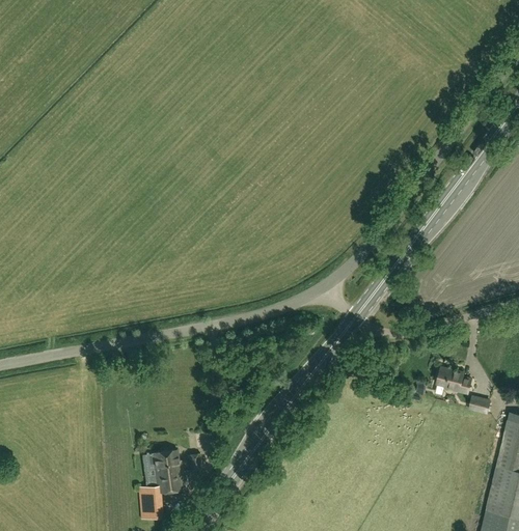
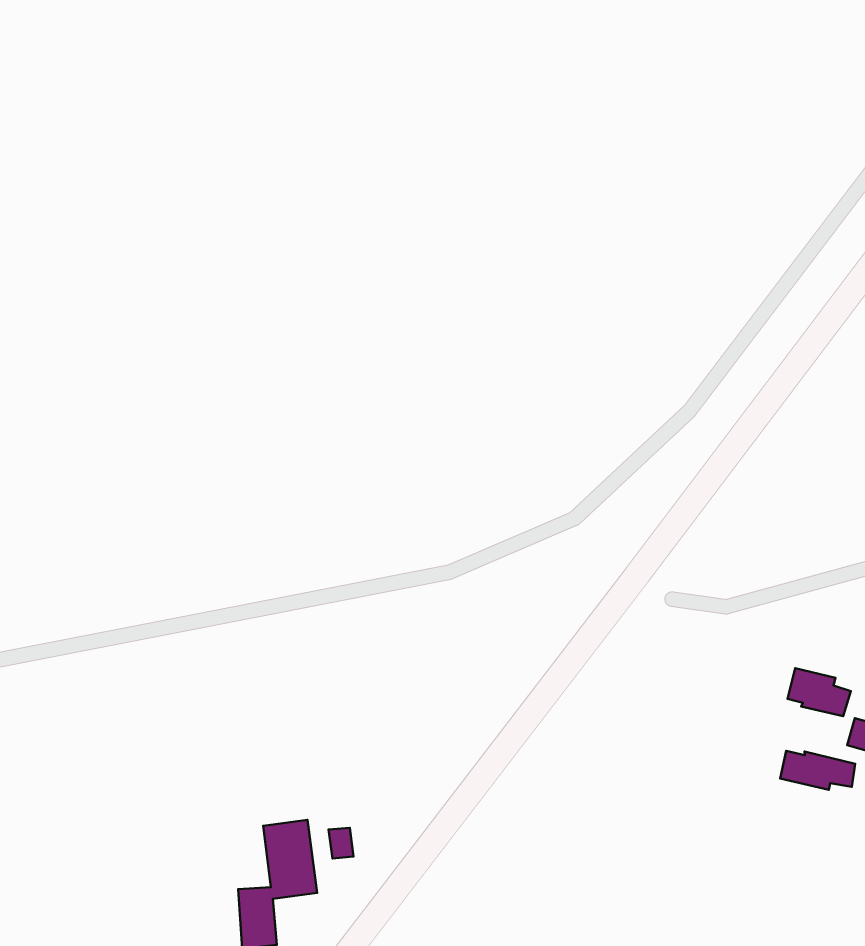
building: none -> [780,751,855,790]

